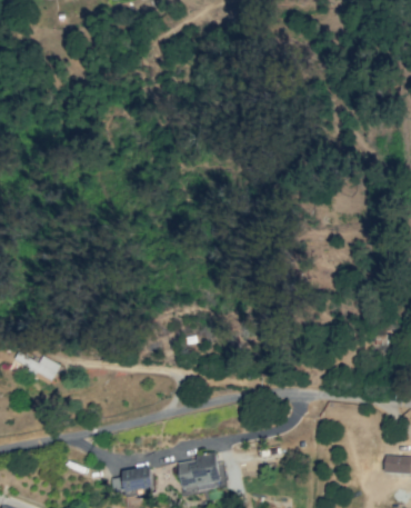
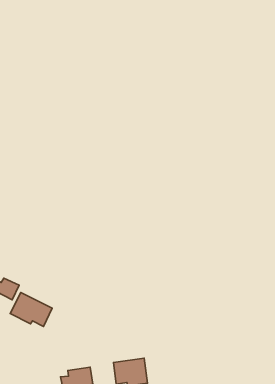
building: none -> [10,292,52,327]

